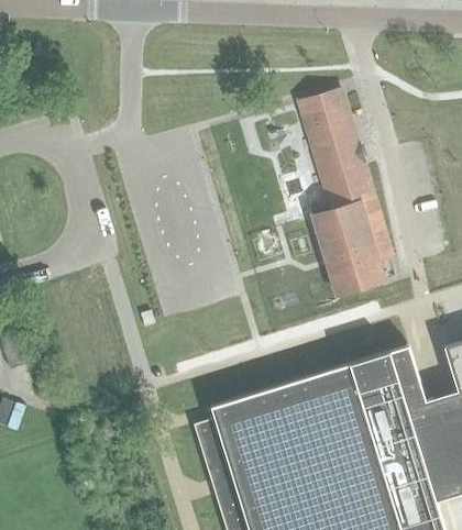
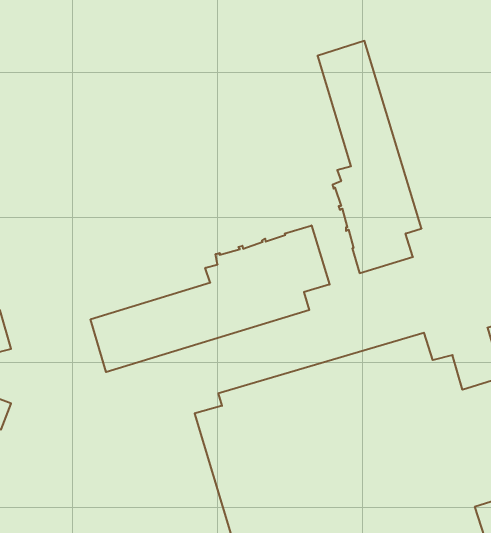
building: none -> [91,225,330,372]

